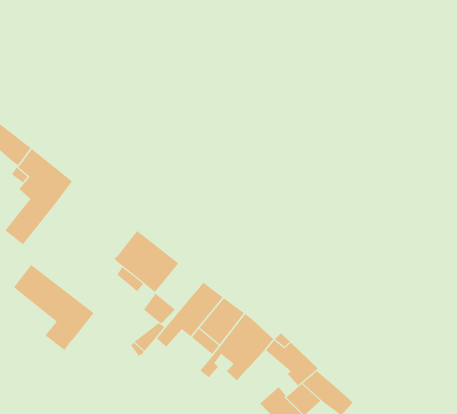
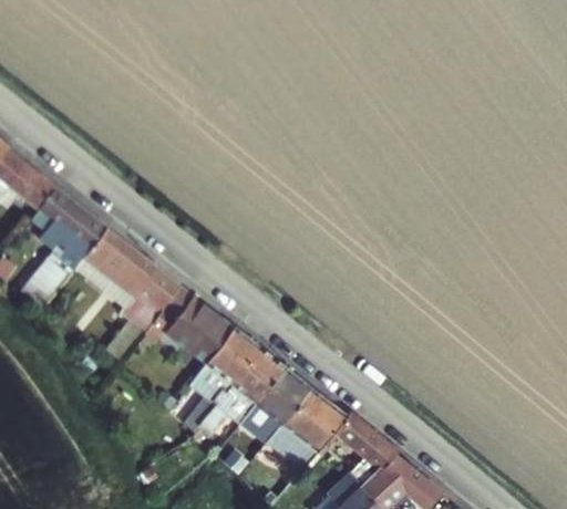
building: none -> [203,326,260,384]
building: [13,264,94,351] -> [83,228,181,332]

